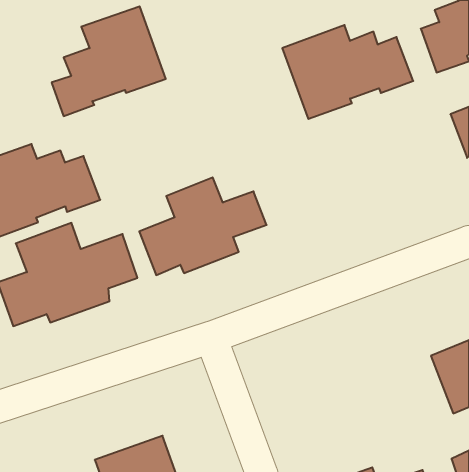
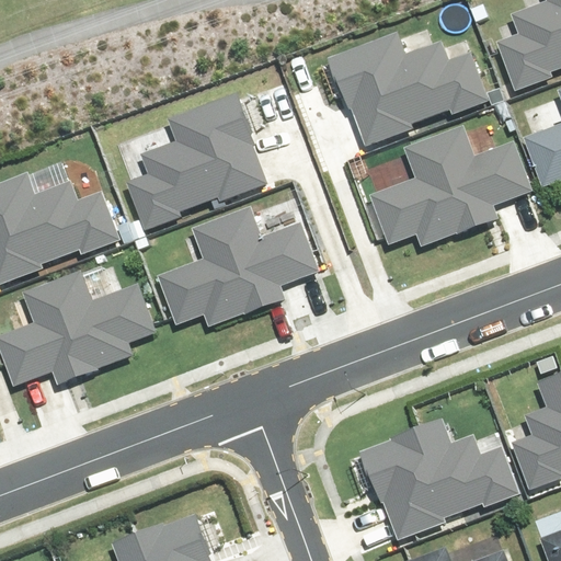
building: [52,6,166,116] -> [134,99,268,228]
building: none -> [373,129,523,244]
building: none -> [350,421,519,541]

